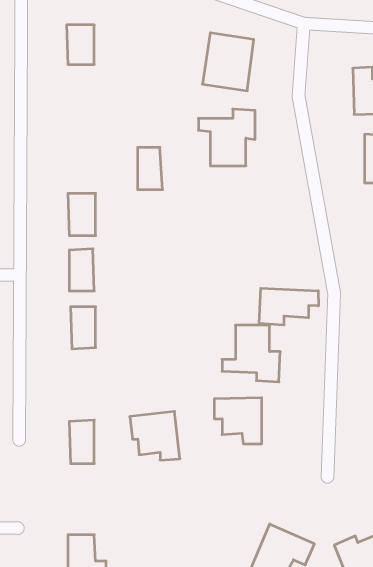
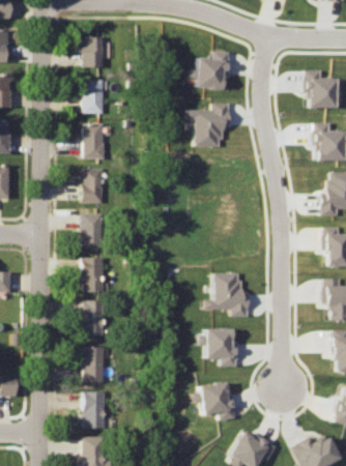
building: none -> [83,82,105,116]
building: [138,147,163,190] -> [86,125,106,158]
building: [259,288,318,325] -> none
building: none -> [84,300,106,336]
building: [130,411,180,460] -> [194,382,233,420]
building: none -> [85,392,105,430]

